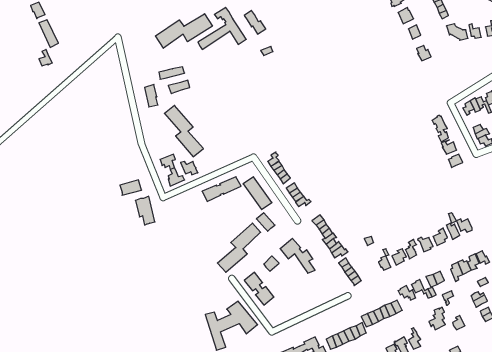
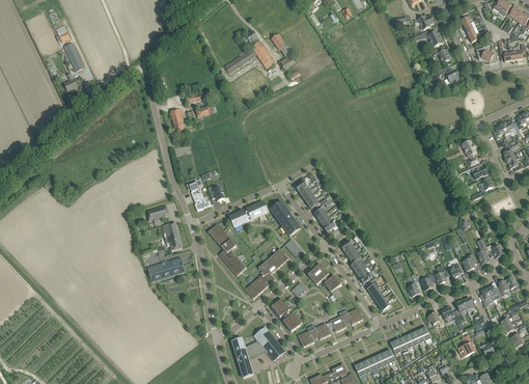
building: [155,14,212,48] -> none
building: [164,105,203,157] -> [207,223,247,275]
building: none -> [148,259,186,281]
building: none -> [298,307,363,347]

